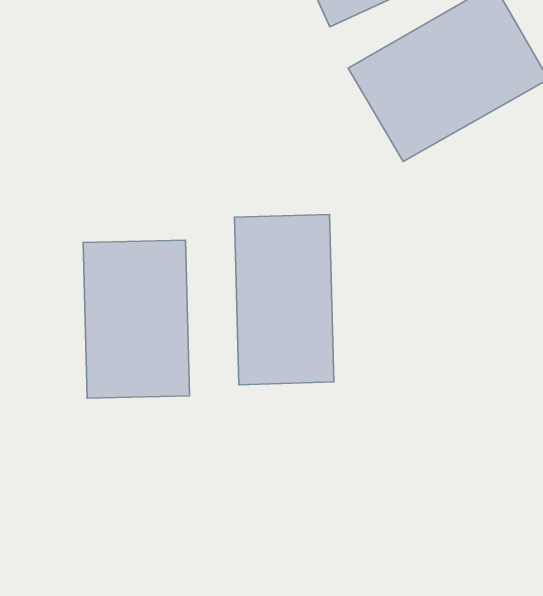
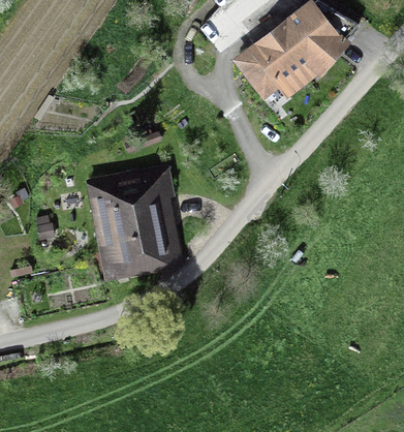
building: [234,214,334,385] -> none

